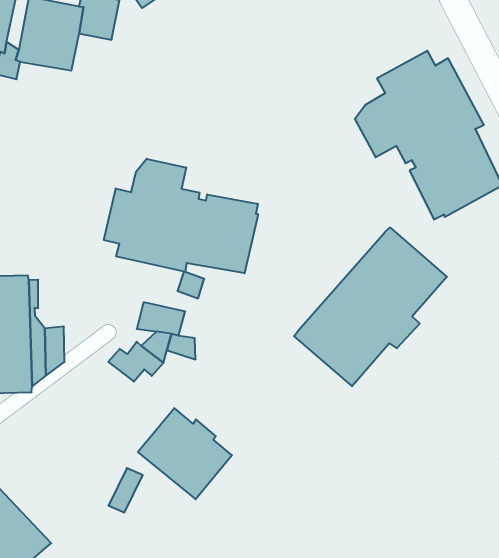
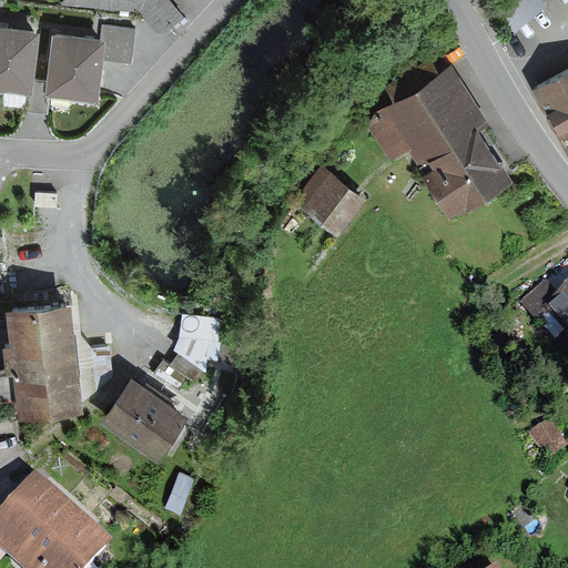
building: none -> [293,164,365,234]
building: [104,159,258,273] -> none
building: [294,228,447,386] -> none
building: [138,408,232,499] -> [100,375,189,459]

